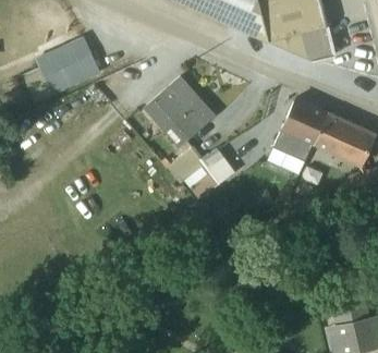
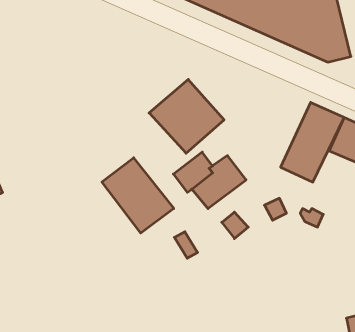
building: [22,38,100,102] -> none
building: none -> [102,158,174,233]

